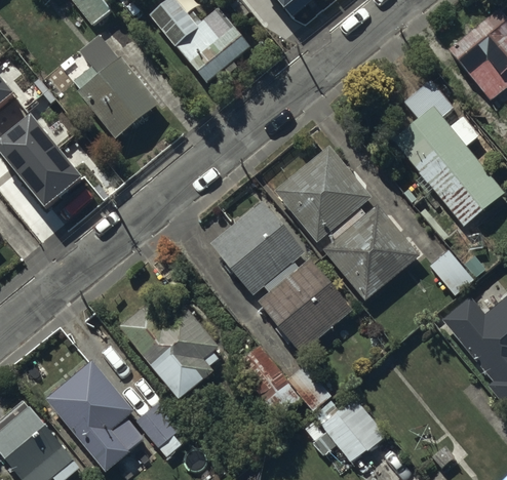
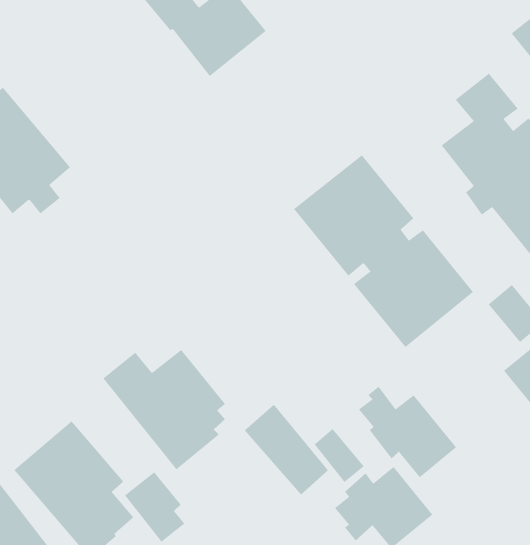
building: [74,35,158,138] -> none
building: [210,200,352,353] -> none
building: none -> [358,386,457,478]

